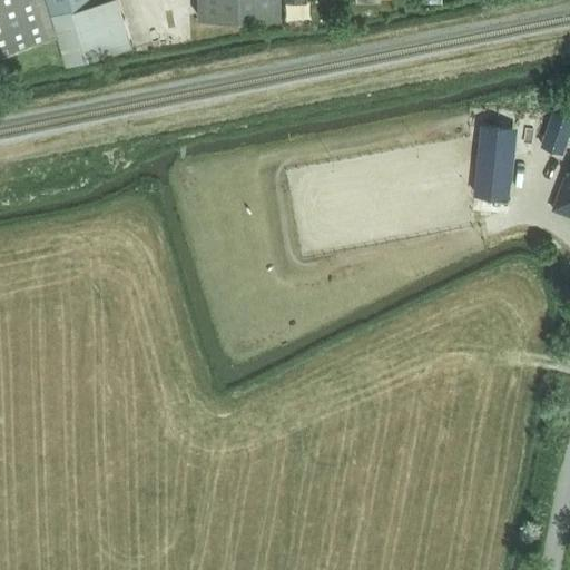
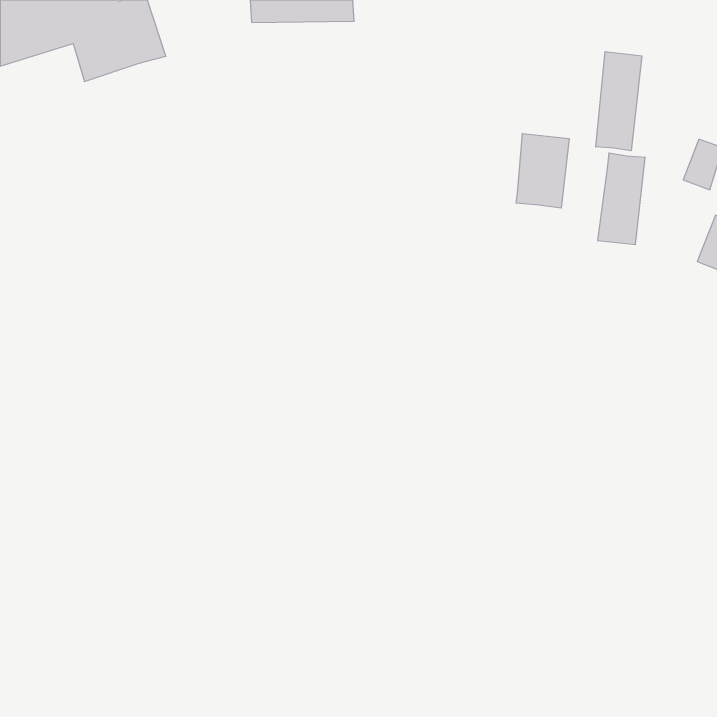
building: none -> [596,52,642,151]
building: none -> [516,133,569,208]

